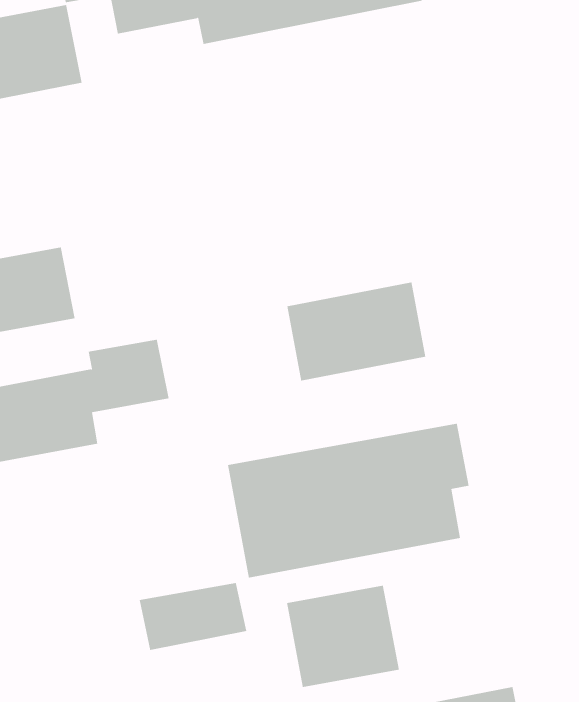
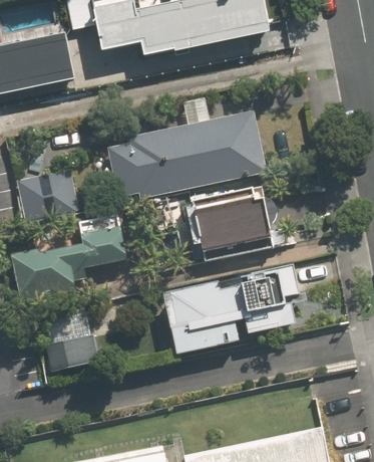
building: none -> [103,110,265,202]
building: [139,582,247,650] -> [39,332,101,372]
building: [286,585,399,688] -> none

